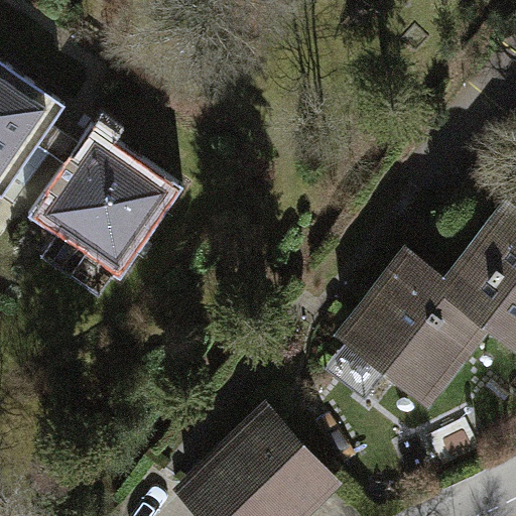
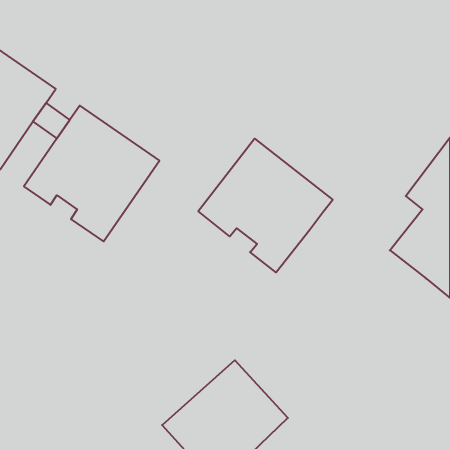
building: none -> [198,139,333,272]
building: [343,256,485,399] -> none

